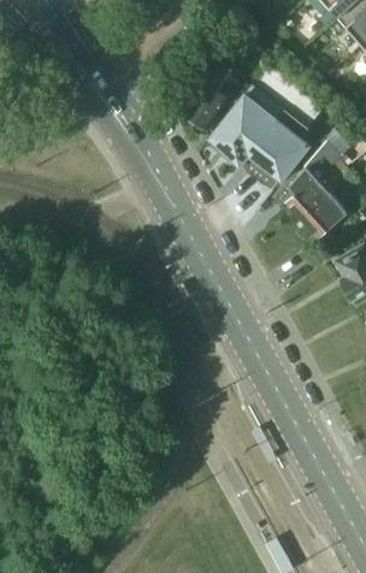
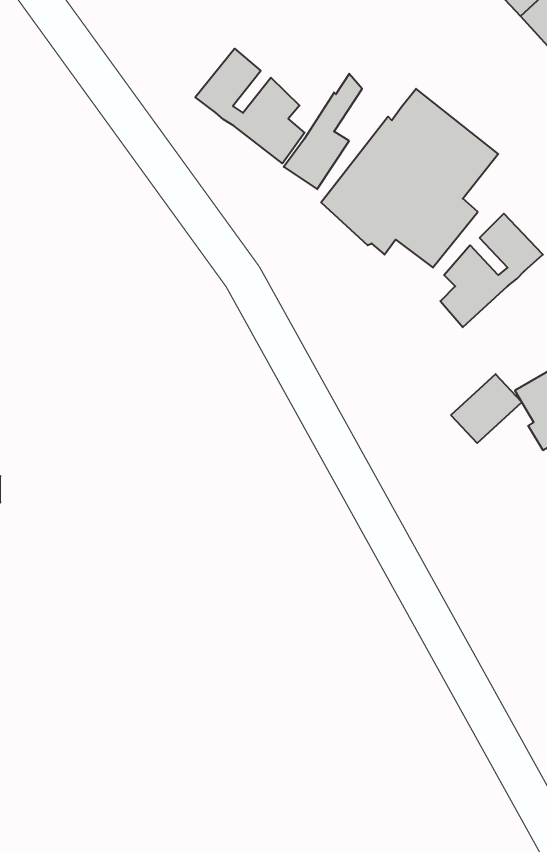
building: none -> [195,49,305,163]
building: [302,193,348,237] -> [451,374,522,443]

